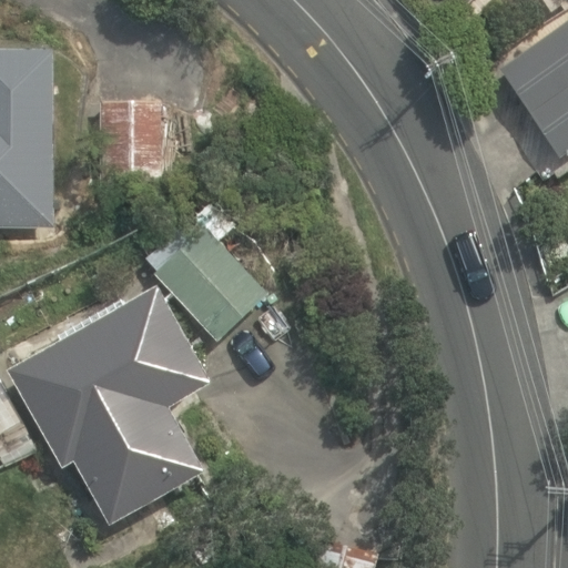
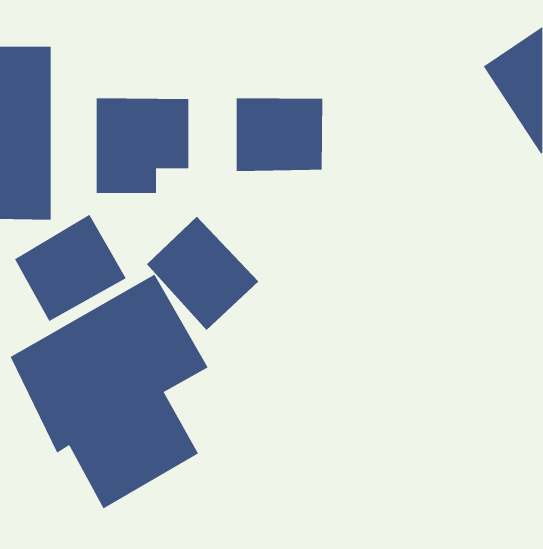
building: none -> [236,98,323,172]
building: none -> [14,214,126,322]

